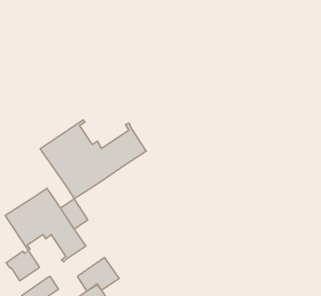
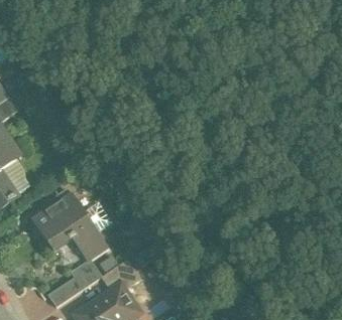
building: [40,120,146,199] -> none
building: [6,250,40,281] -> [70,260,102,289]

